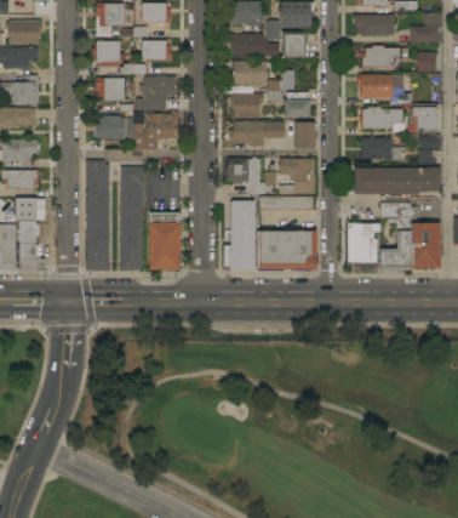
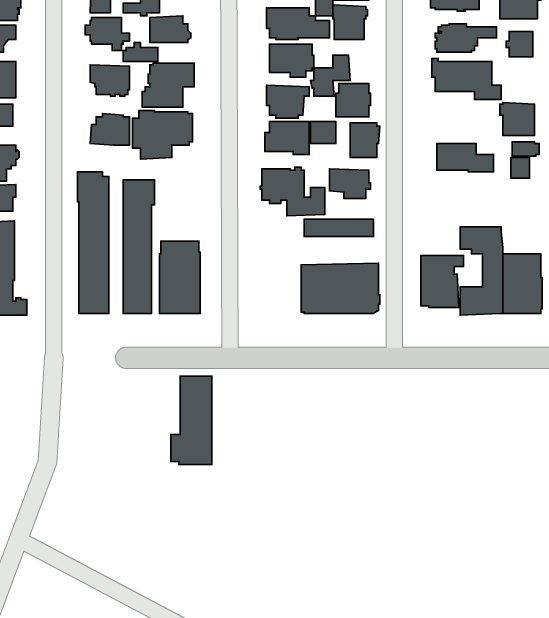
building: [361,107,403,132] -> none
building: [354,169,440,194] -> none
building: [223,201,254,269] -> [171,376,212,465]

